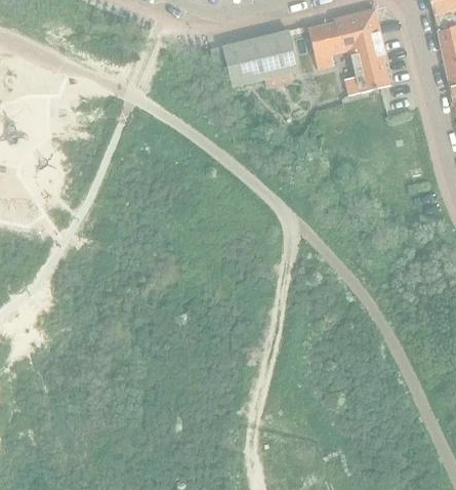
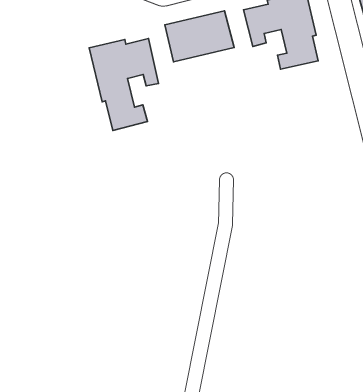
building: none -> [89,38,159,131]

